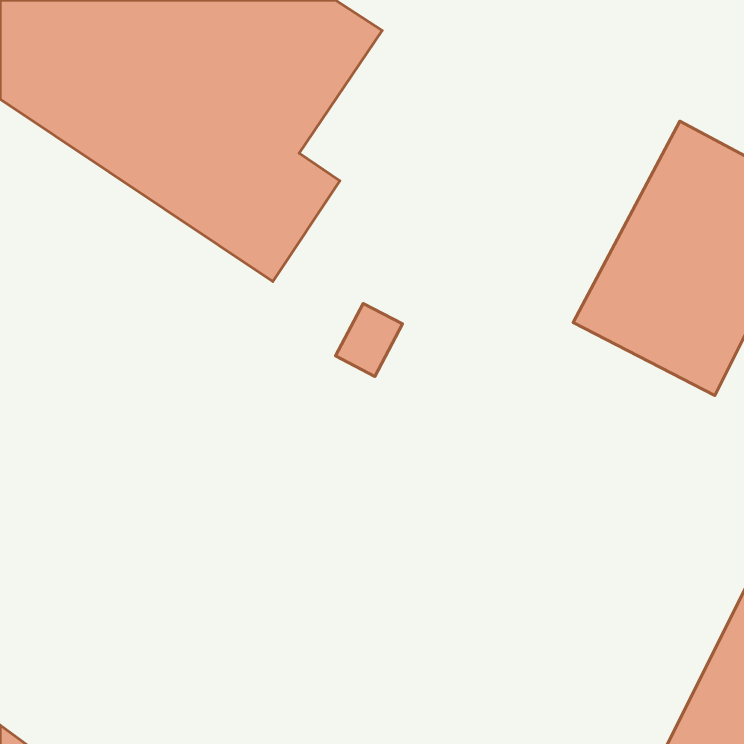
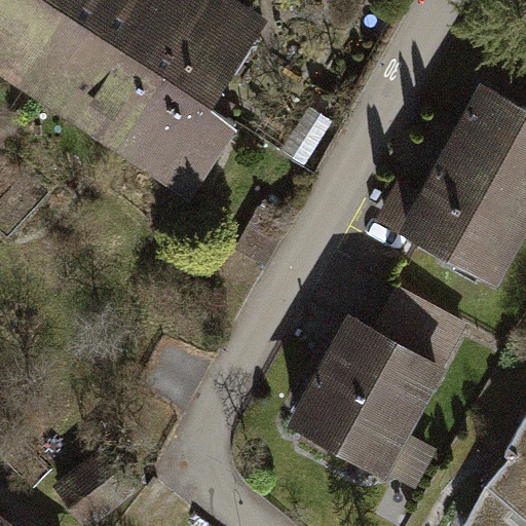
building: none -> [280,308,438,471]

